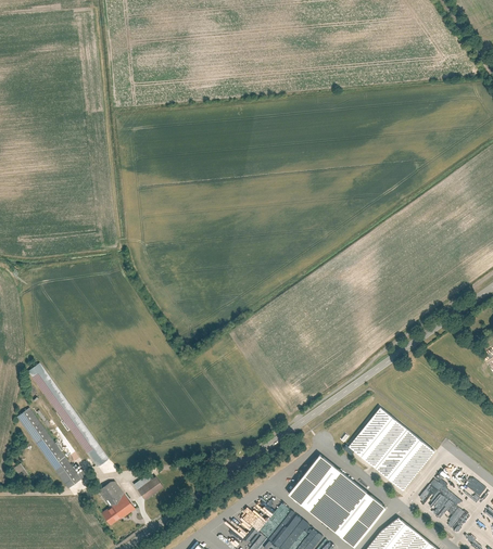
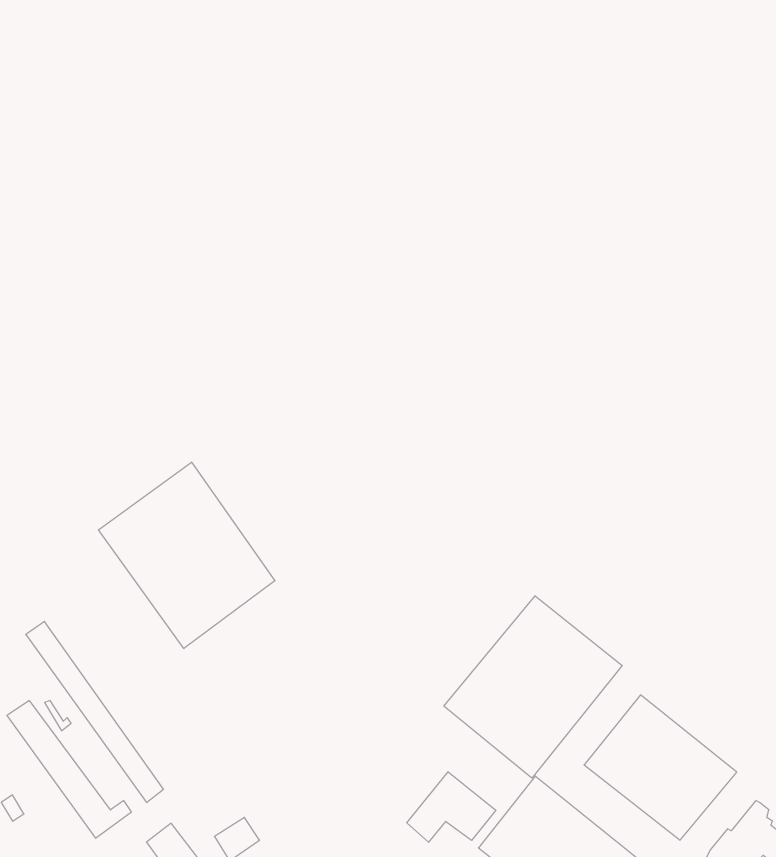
building: none -> [98,462,275,649]
building: none -> [444,596,622,778]
building: none -> [407,772,496,842]

